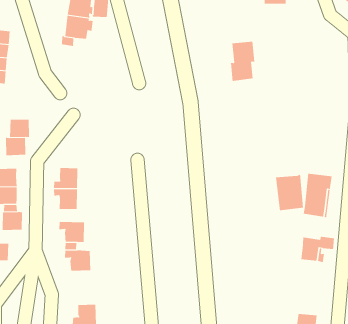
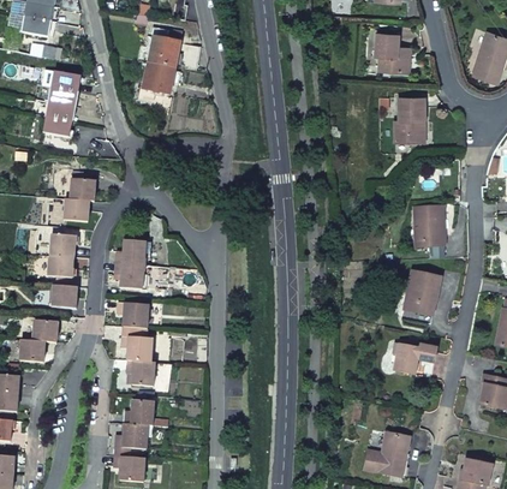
building: [230,41,255,81] -> [394,97,423,142]
building: [275,174,304,211] -> [413,205,443,246]
building: none -> [125,360,154,387]

